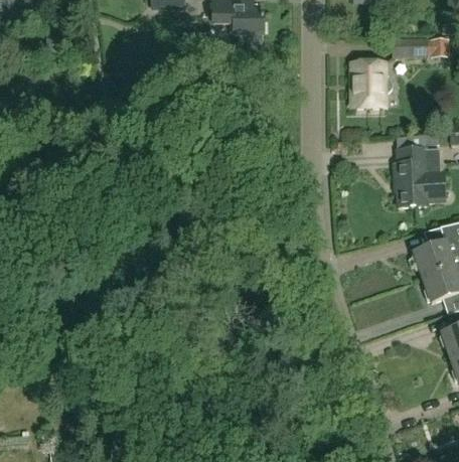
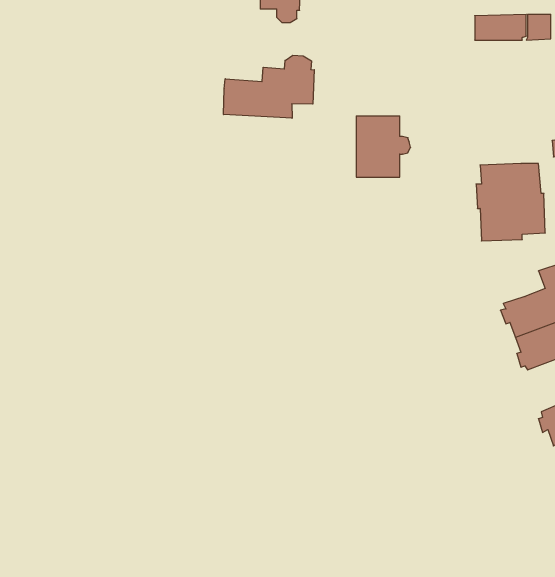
building: [352,61,393,107] -> [356,116,411,177]
building: none -> [224,55,314,118]

